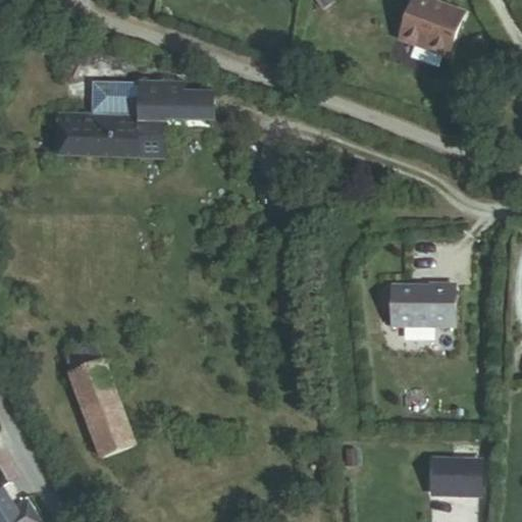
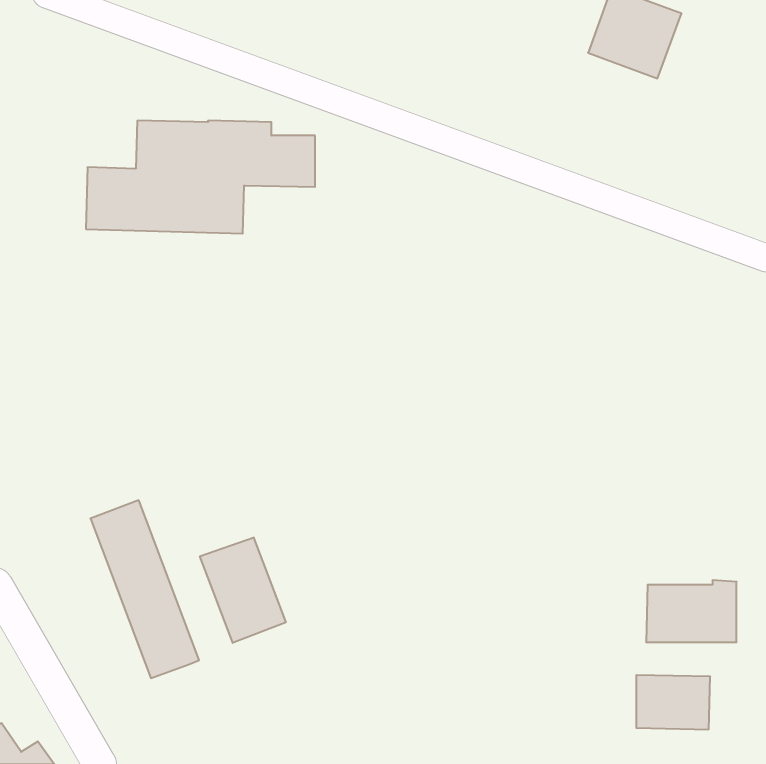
building: [390,281,452,323] -> [646,580,737,642]
building: none -> [200,537,286,643]

